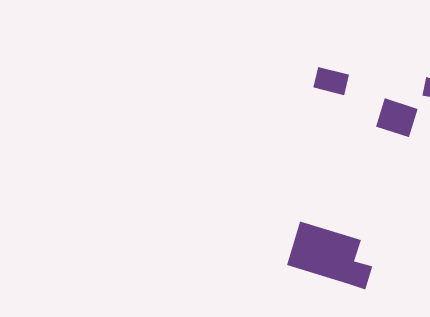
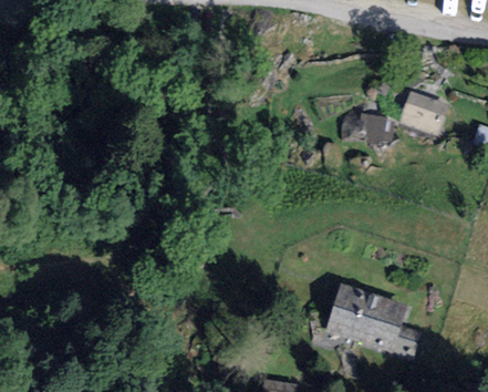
building: [375,98,419,138] -> [399,91,447,135]

